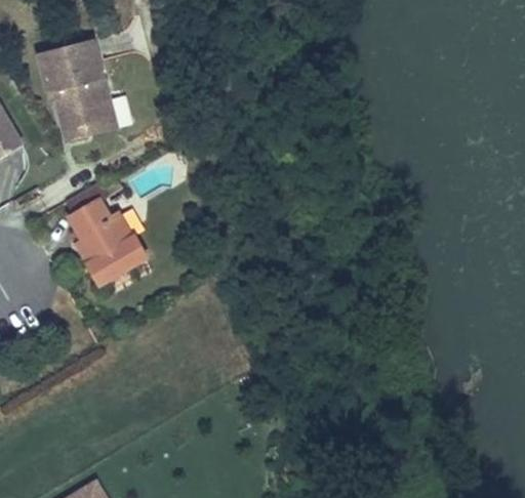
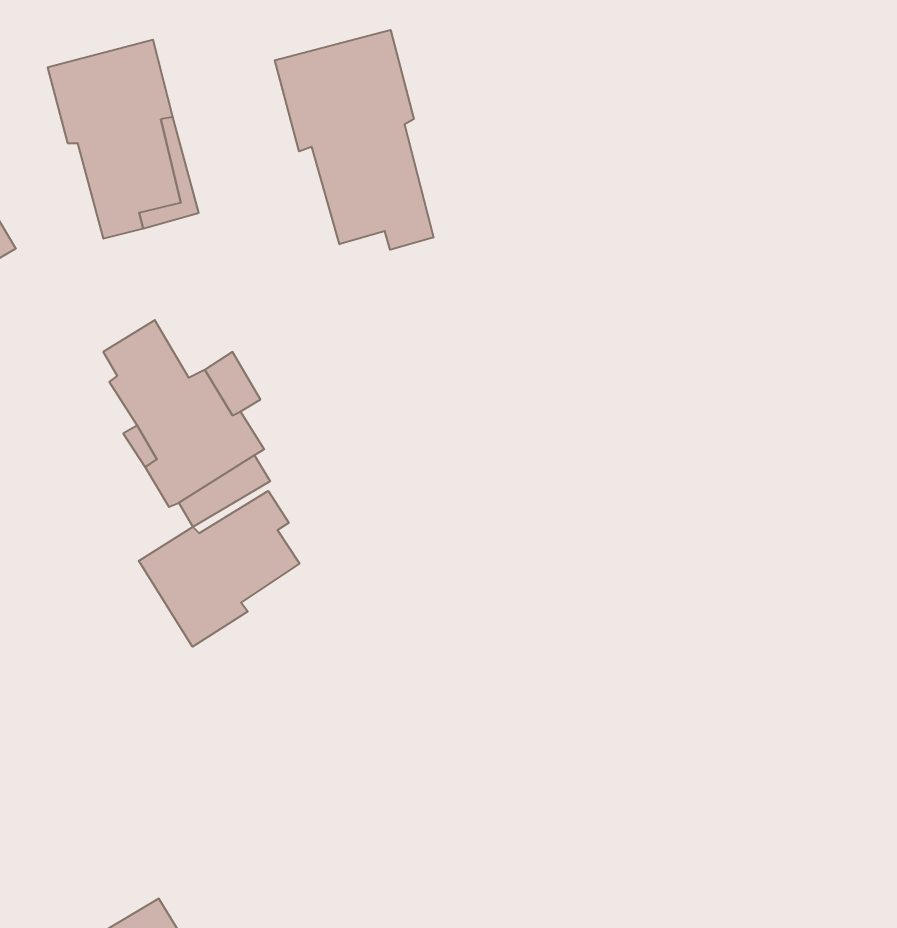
building: none -> [275,30,433,250]
building: none -> [139,491,299,647]

